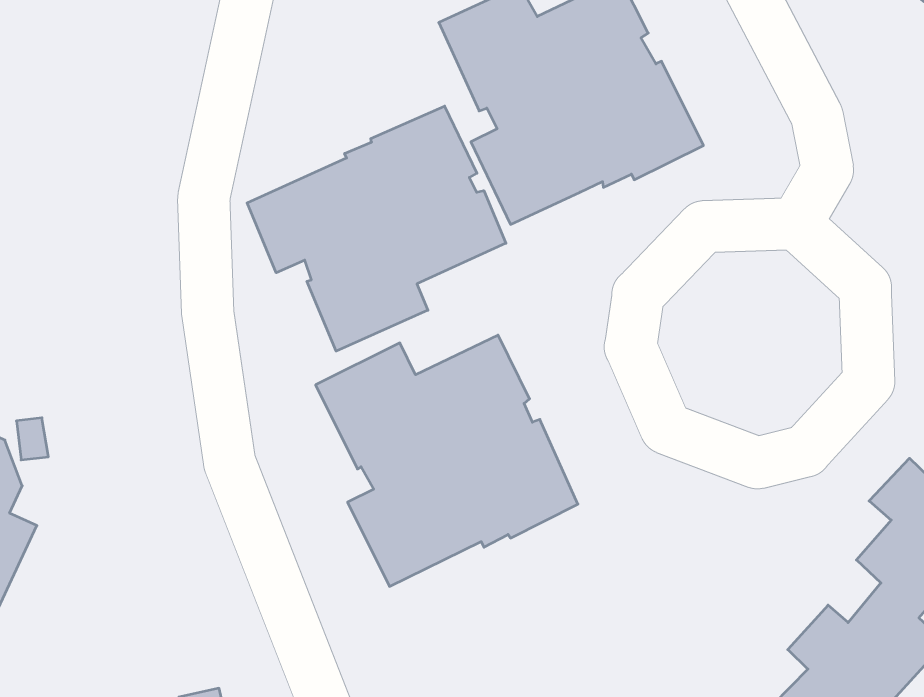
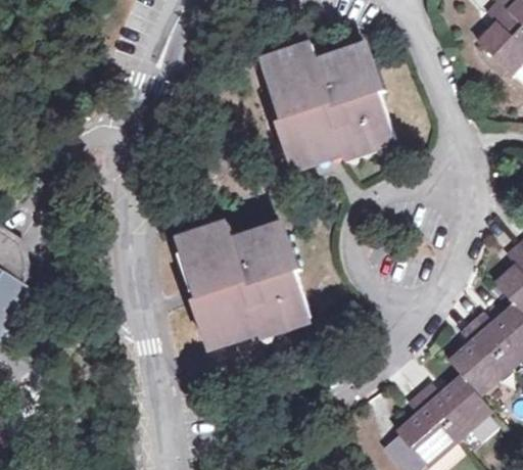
building: [247,106,506,351] -> none

